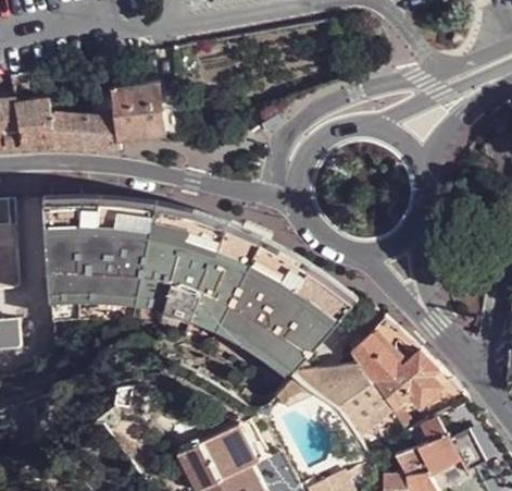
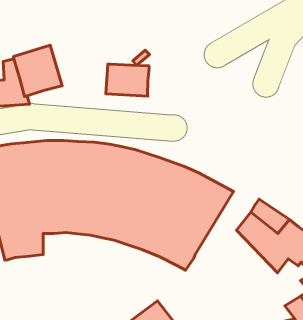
building: none -> [106,64,149,96]
building: [291,363,390,440] -> none

